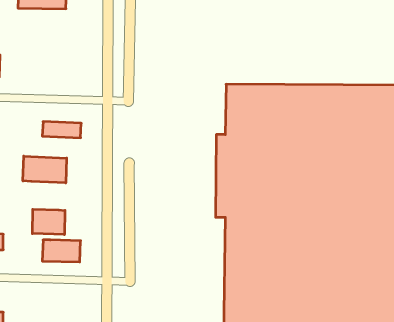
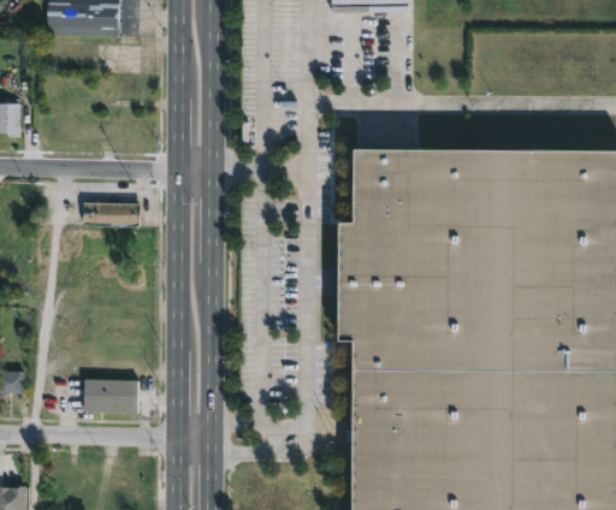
building: [23,156,67,183] -> none
building: [32,209,65,235] -> none

